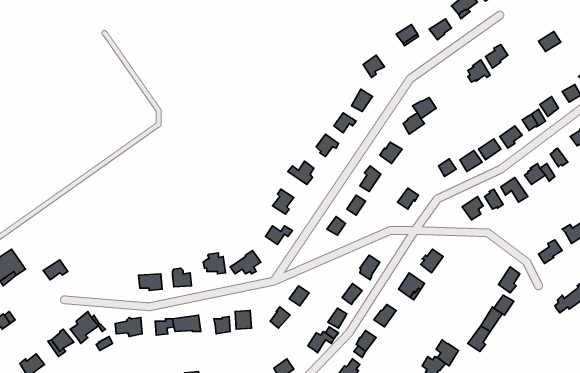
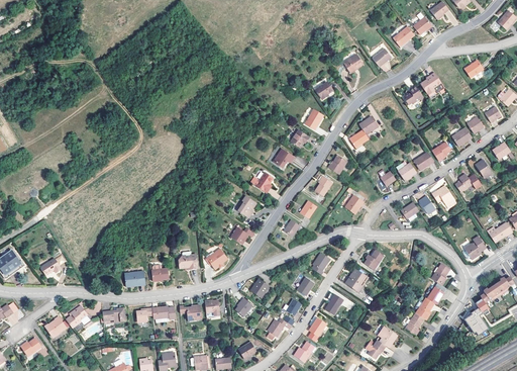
building: none -> [461,298,488,336]

